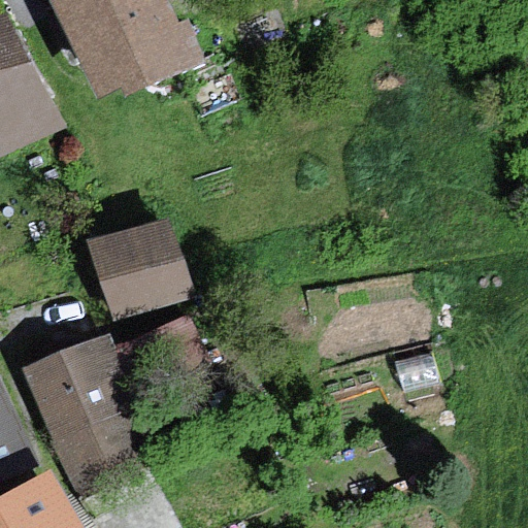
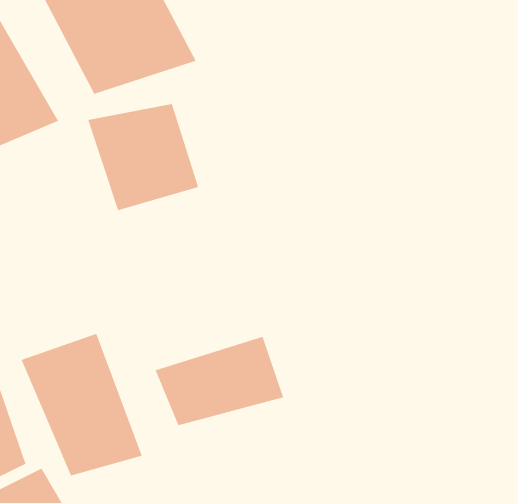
building: [85,219,198,328] -> [87,103,199,211]
building: none -> [155,336,284,426]

